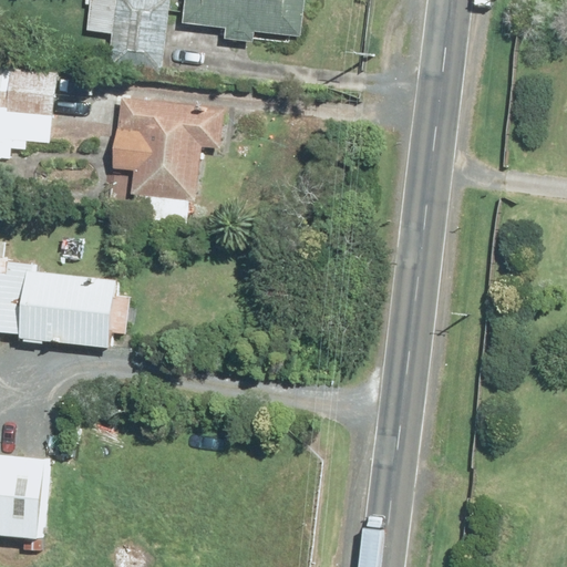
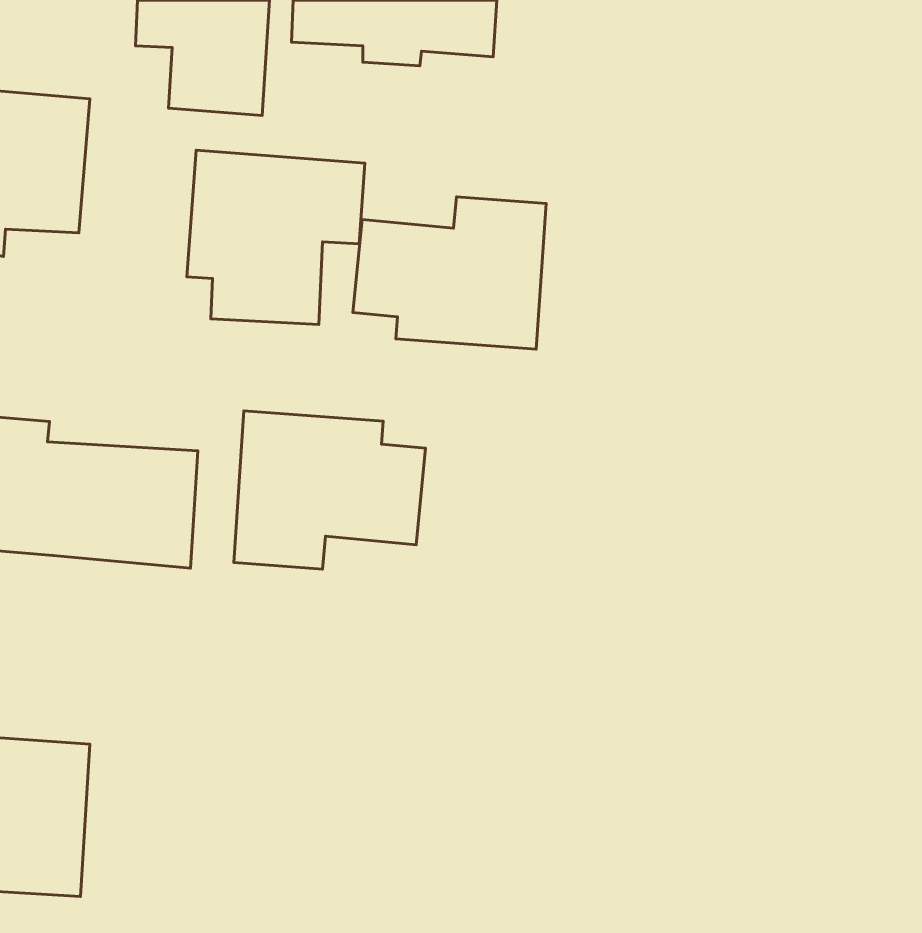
building: none -> [353,197,546,349]
building: none -> [234,411,426,569]

